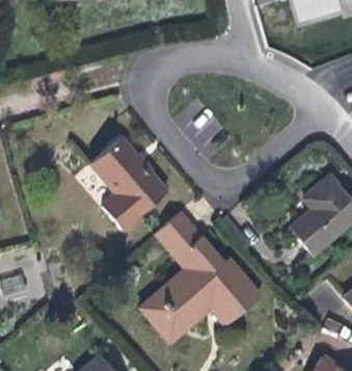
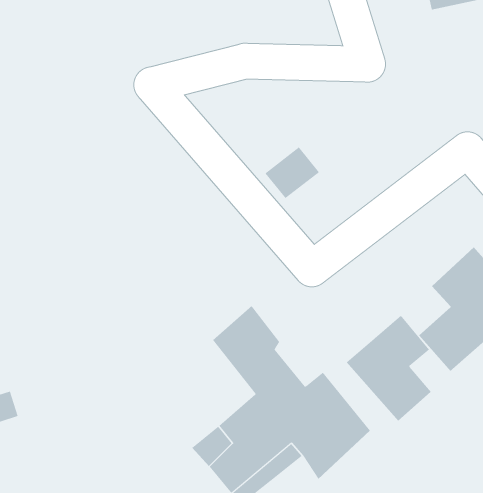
building: [91,139,165,230] -> none
building: none -> [346,315,432,421]

